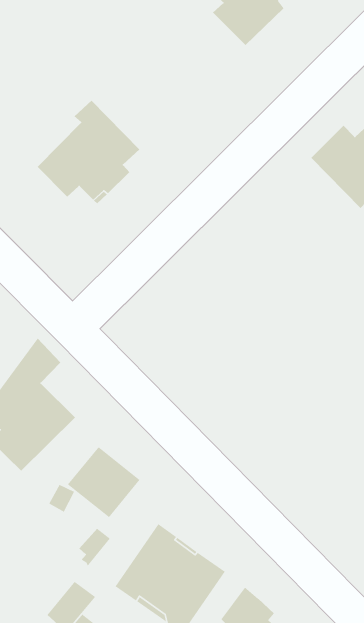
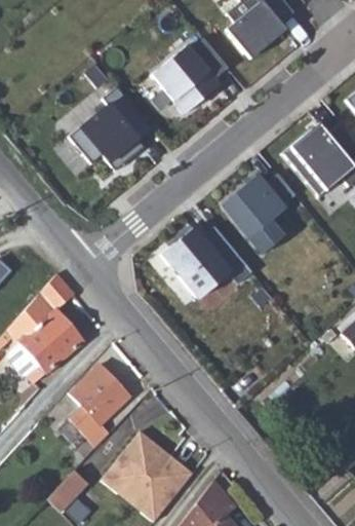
building: none -> [150,38,227,114]
building: none -> [220,174,294,256]
building: none -> [160,225,253,298]

